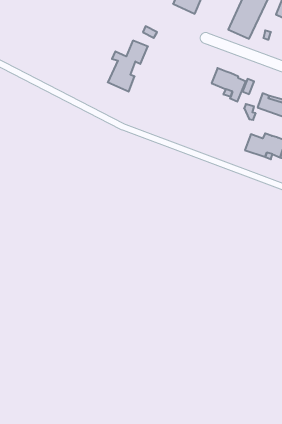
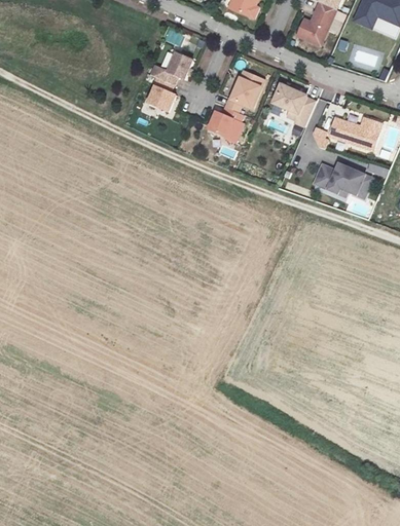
building: none -> [206,68,266,143]

